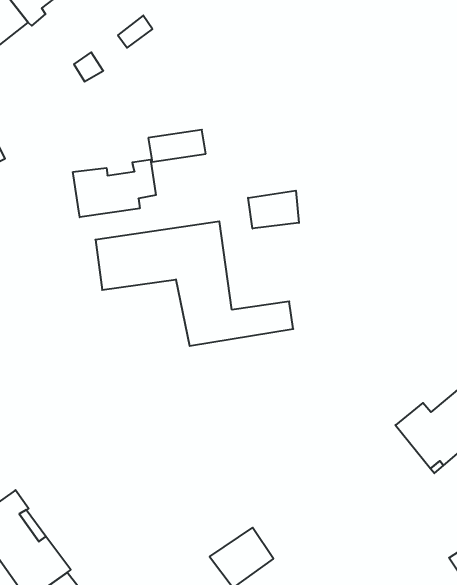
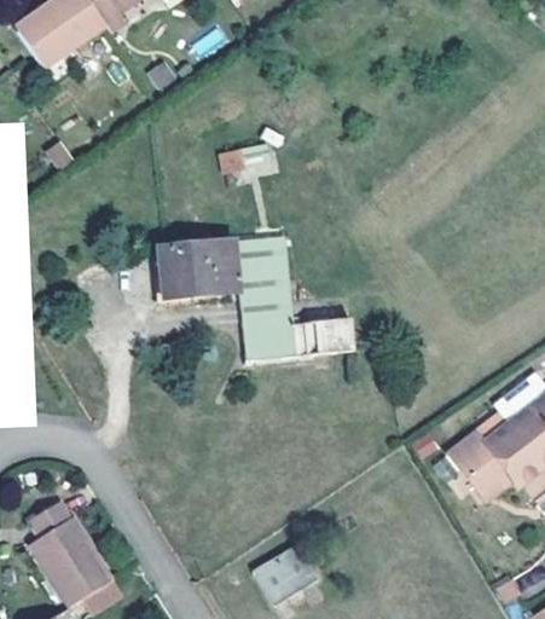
building: [73,160,156,217] -> none
building: [248,191,299,229] -> none

